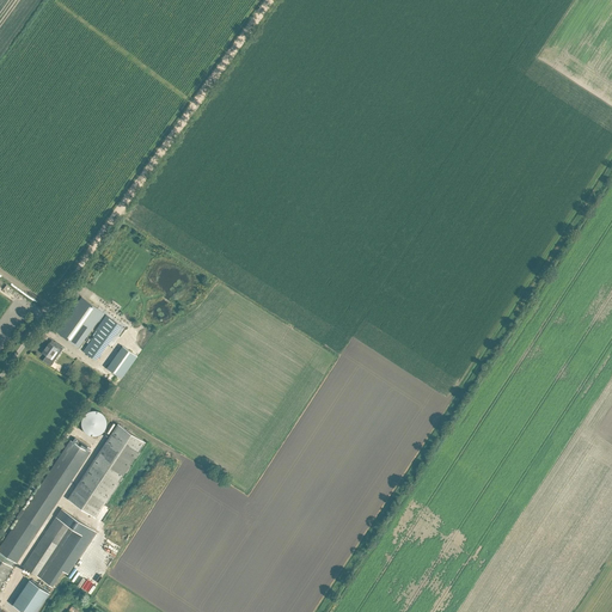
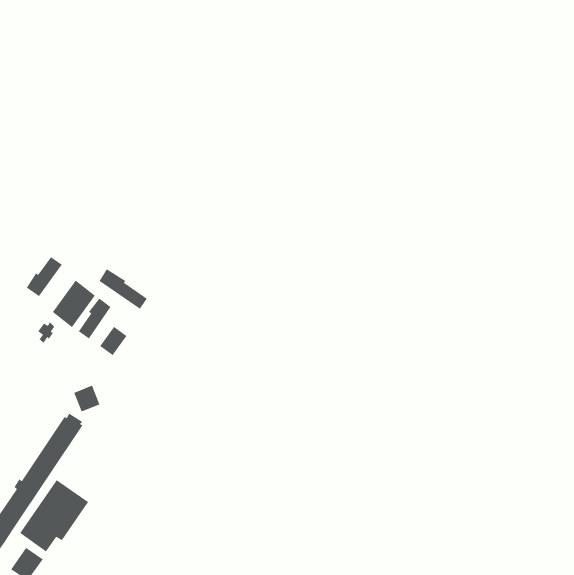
building: none -> [26,256,63,297]
building: none -> [98,268,148,310]
building: [66,424,143,518] -> none

